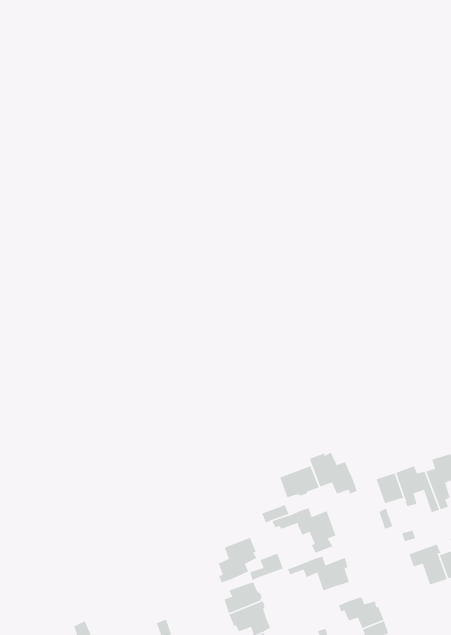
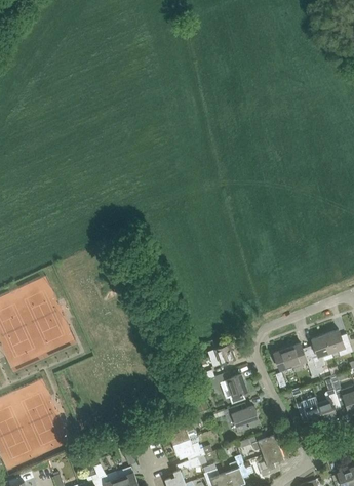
building: [309,452,358,495] -> none
building: [218,537,258,584] -> none

